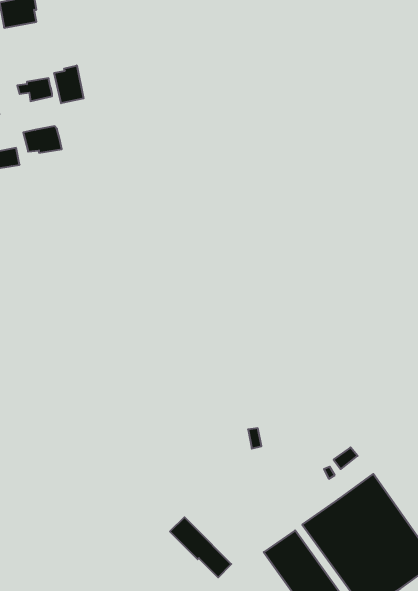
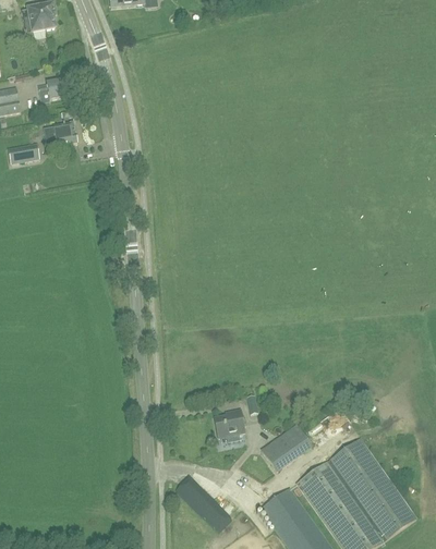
building: [54,65,84,103] -> none
building: none -> [214,410,245,437]
building: none -> [261,425,312,472]

